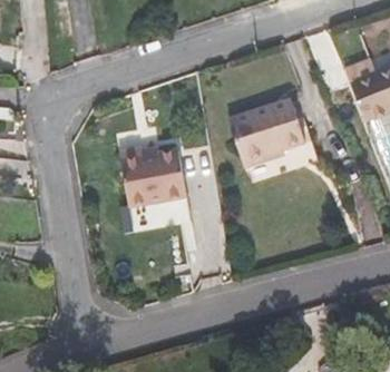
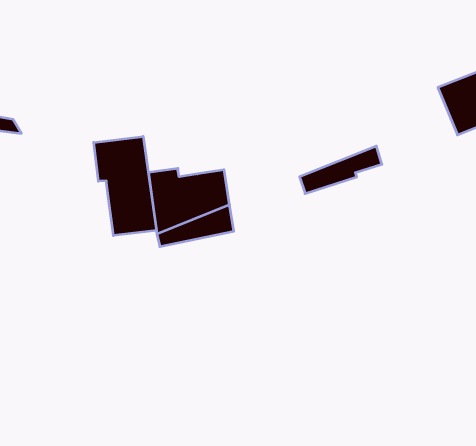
building: [228,98,301,154] -> none
building: none -> [94,136,156,236]

